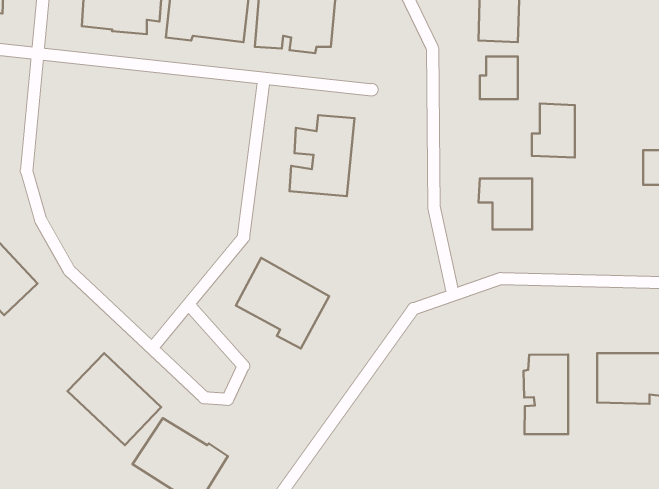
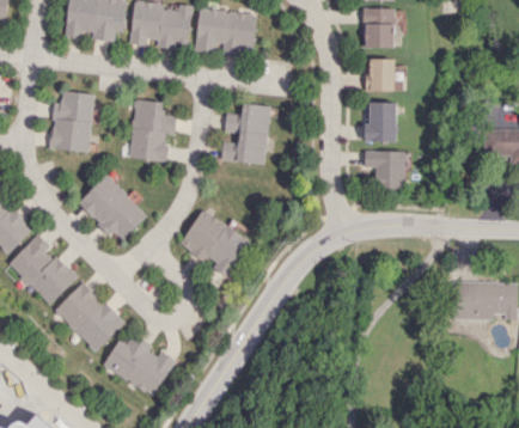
building: none -> [49,91,93,152]
building: [532,103,575,157] -> [364,102,396,142]
building: none -> [128,99,176,161]
building: none -> [77,175,147,240]
building: none -> [8,234,77,305]
building: [523,354,568,434] -> none

